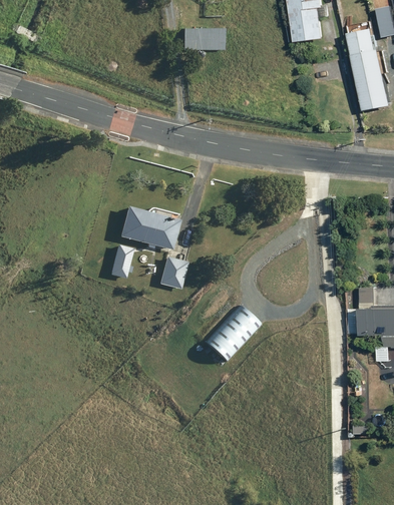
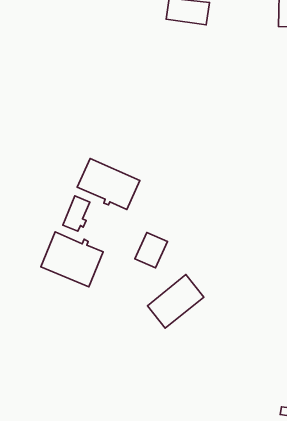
building: [154,255,184,289] -> [135,233,167,268]
building: none -> [41,232,103,287]

